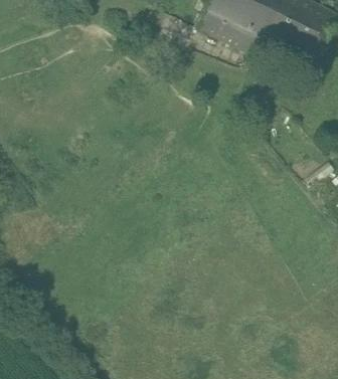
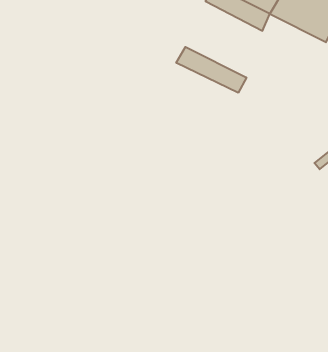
building: none -> [176,47,246,93]

